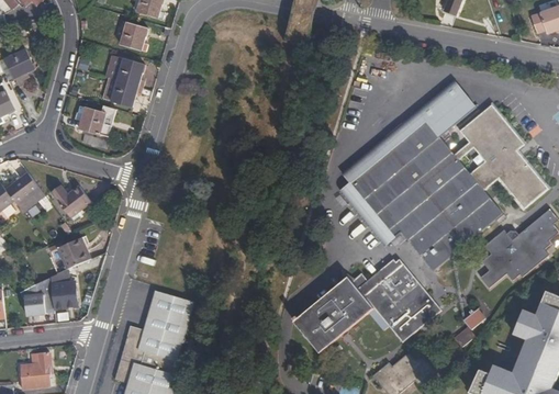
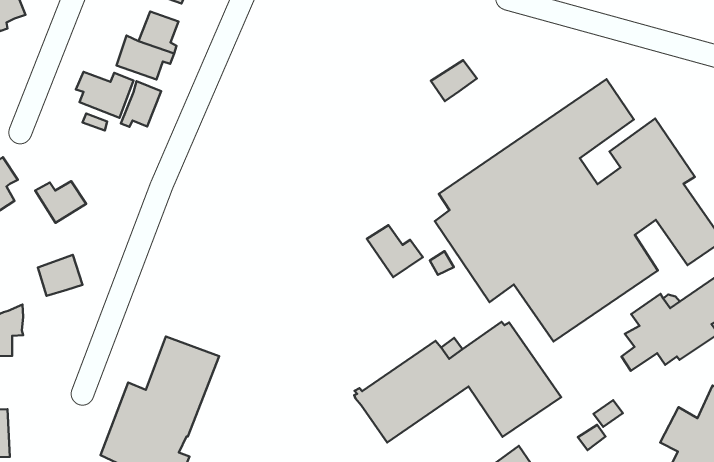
building: none -> [431,60,477,101]
building: none -> [121,81,161,127]
building: none -> [367,225,423,277]
building: [51,282,77,308] -> none

